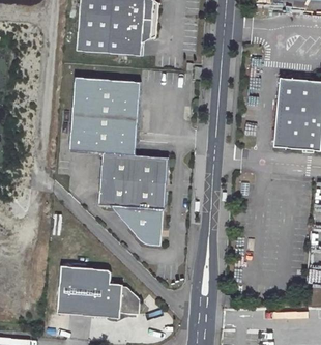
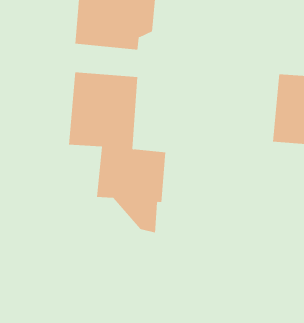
building: [54,266,137,317] -> none

